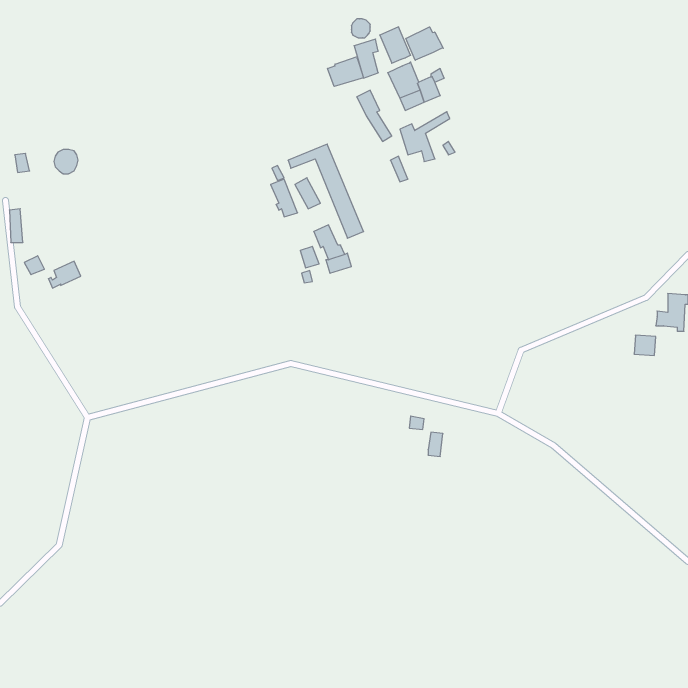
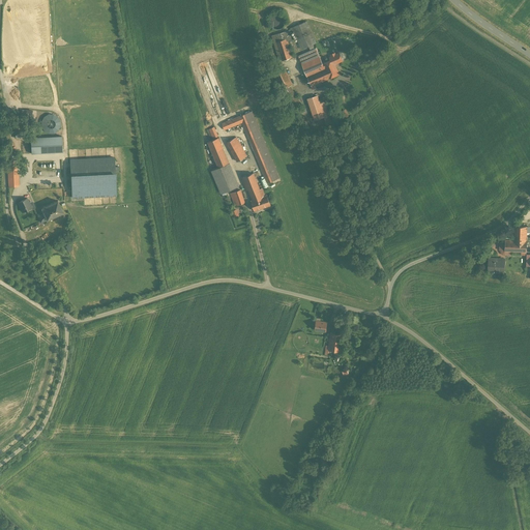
building: [406,27,443,60] -> none
building: [328,57,363,86] -> none
building: none -> [30,136,62,153]
building: none -> [70,157,116,198]
building: none -> [211,164,238,194]

